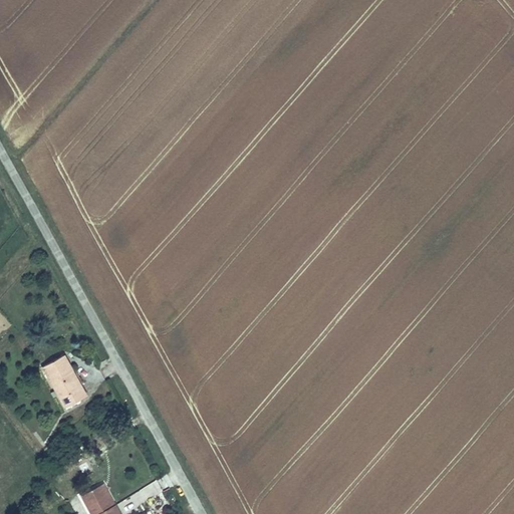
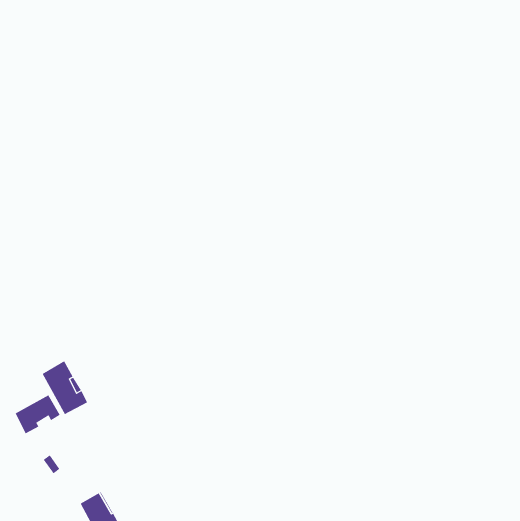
building: none -> [15,394,61,434]

